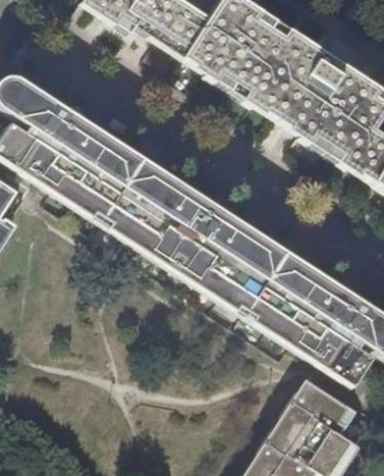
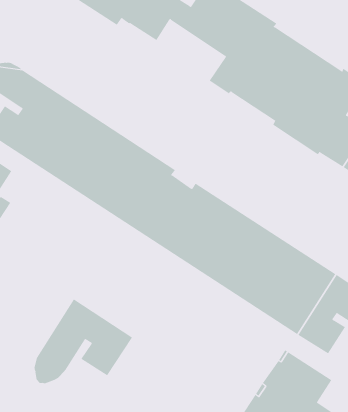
building: [144,29,244,93] -> none
building: none -> [34,299,133,384]

